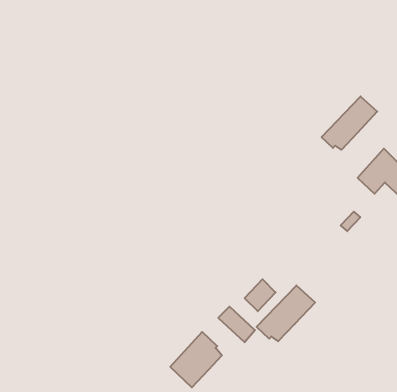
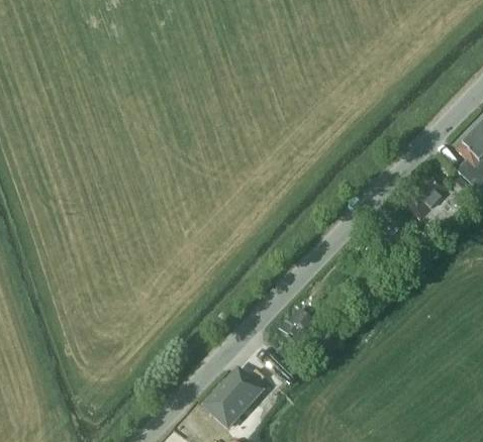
building: [322,96,377,150] -> none
building: [257,285,315,341] -> none

